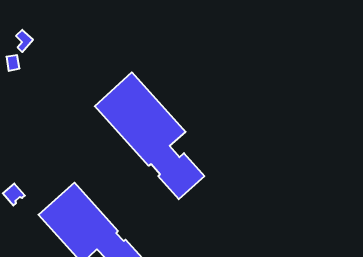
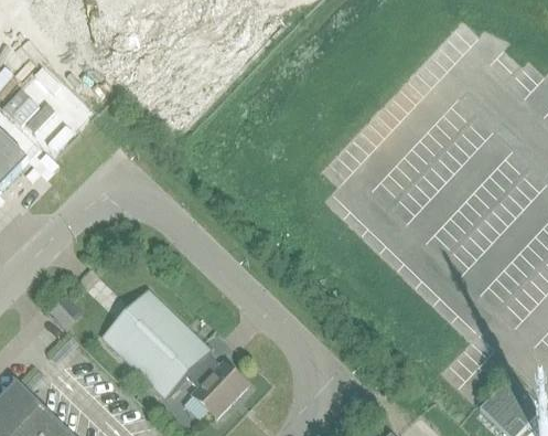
building: [95,72,204,199] -> none

